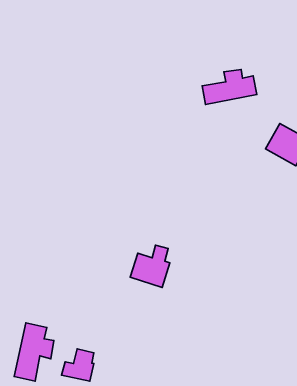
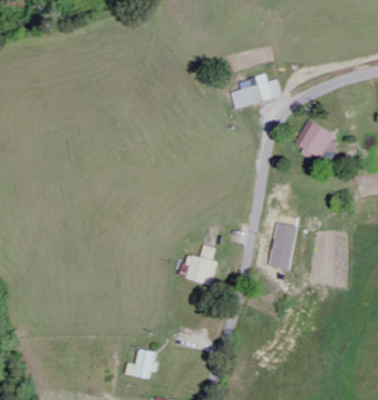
building: none -> [269,223,298,270]
building: [14,323,54,381] -> none

